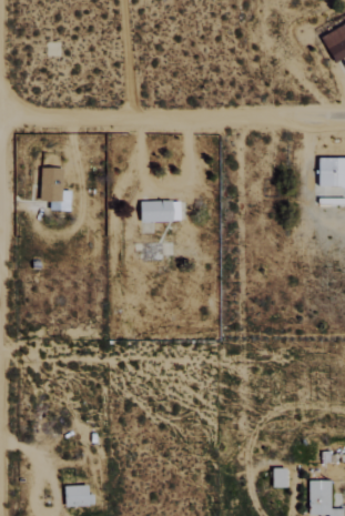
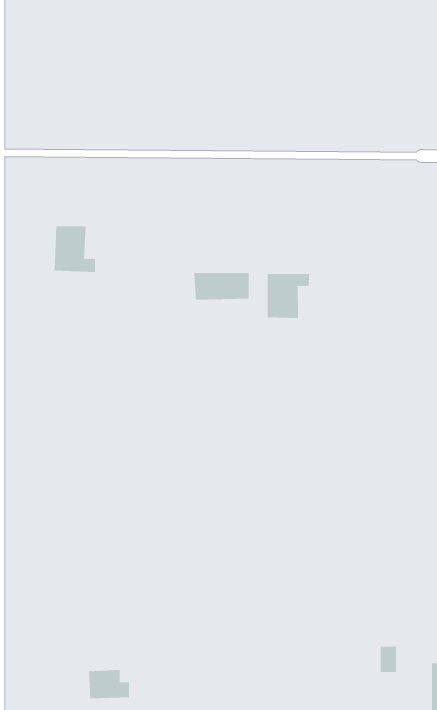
building: none -> [267,273,310,319]

